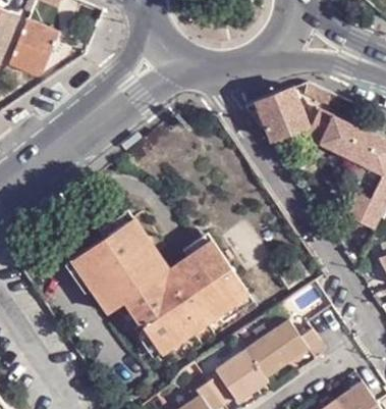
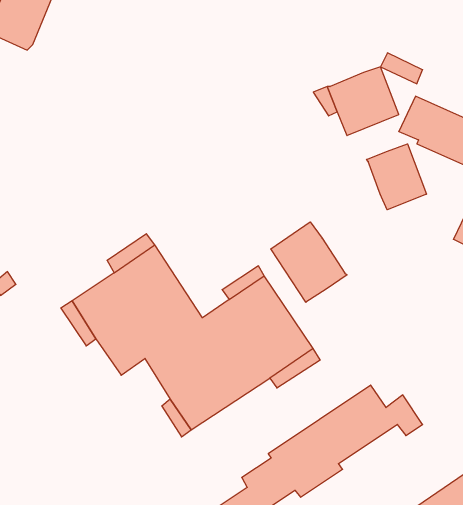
building: none -> [367,144,426,210]
building: none -> [271,222,347,302]

